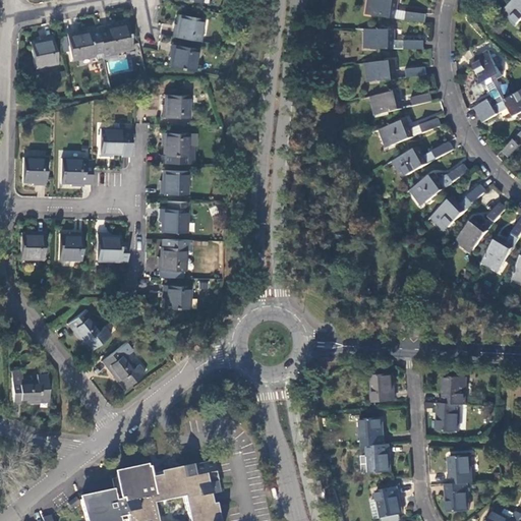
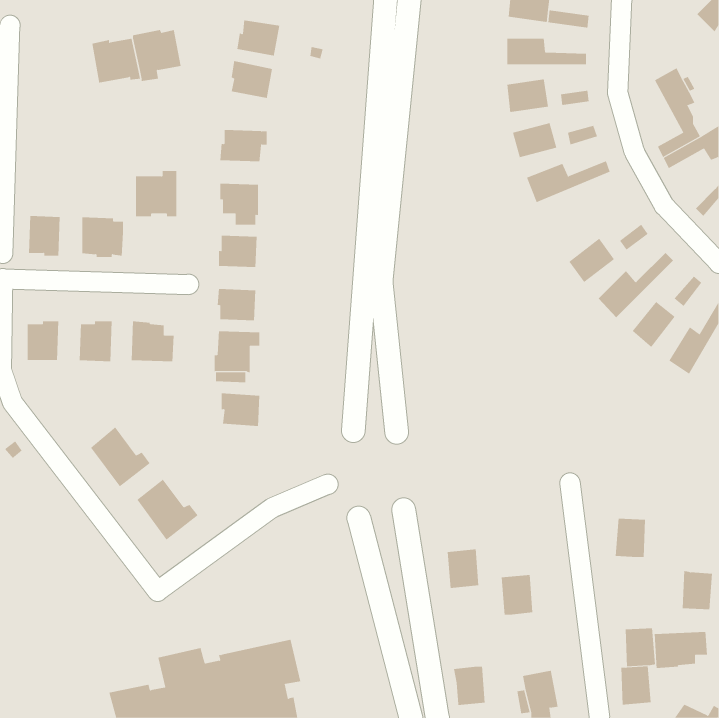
building: [28,35,56,67] -> none
building: [394,139,455,176] -> none
building: [9,369,48,403] -> none
building: [372,372,396,401] -> [447,549,479,588]
building: [439,401,461,429] -> [682,571,713,610]
building: [368,443,392,471] -> [453,666,486,705]
building: none -> [654,631,708,669]

